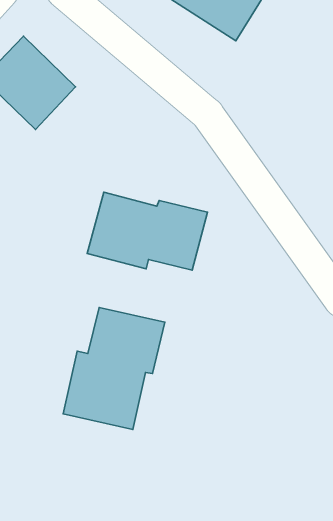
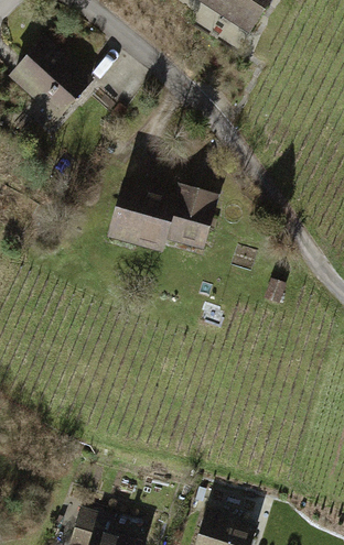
building: [63,307,165,429] -> none

